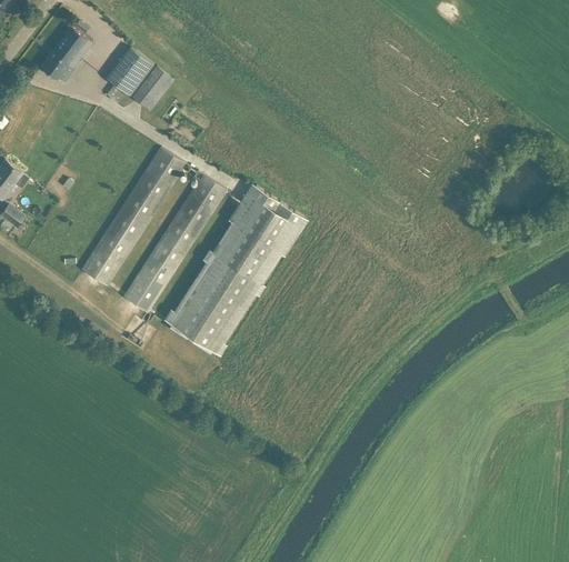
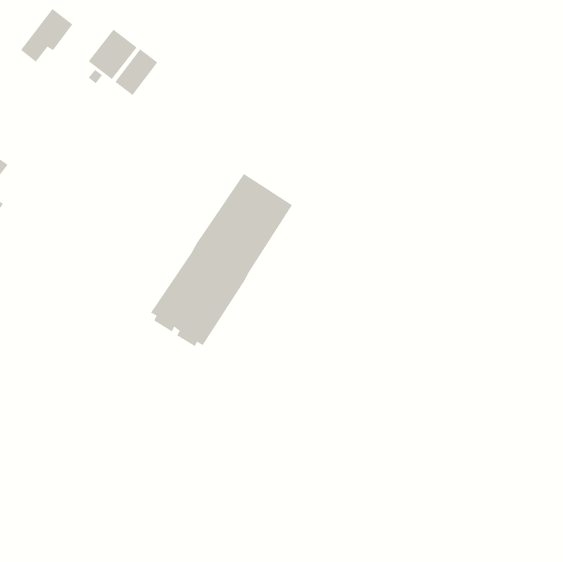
building: [80,147,189,283] -> none
building: [121,170,224,312] -> none

